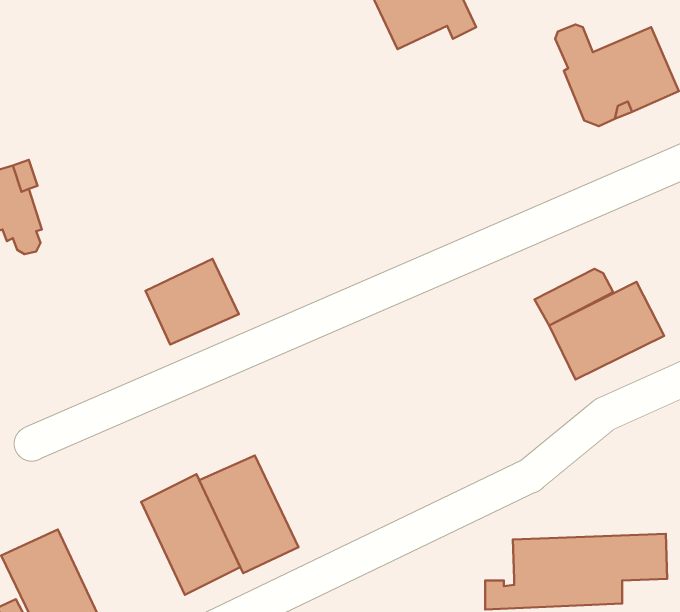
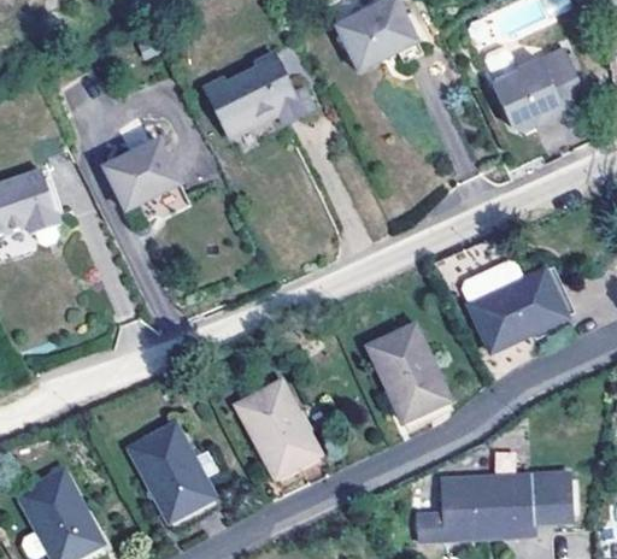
building: none -> [199,54,310,137]
building: [145,259,239,345] -> [101,141,178,212]
building: none -> [369,324,451,419]
building: [199,455,298,573] -> [242,387,324,484]

